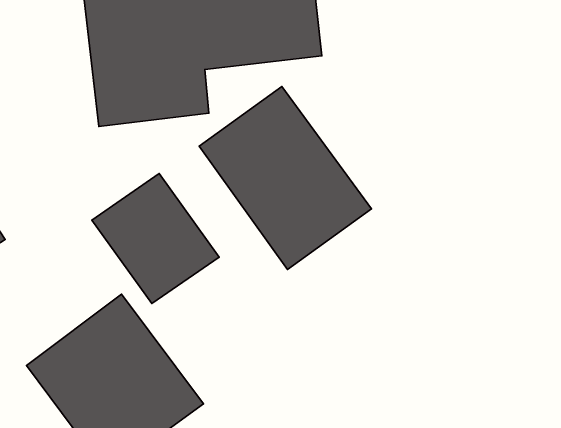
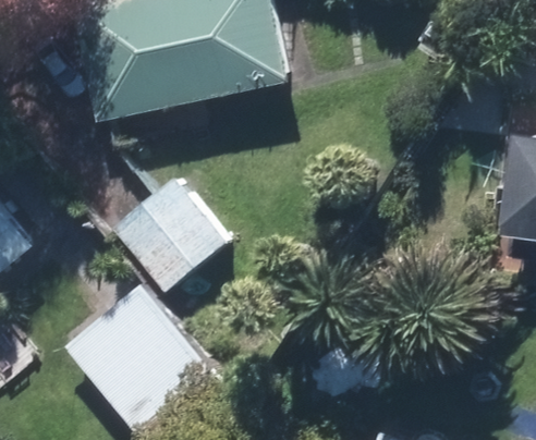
building: [199,86,372,269] -> none

